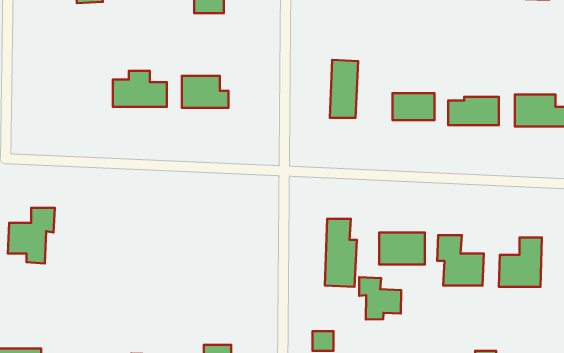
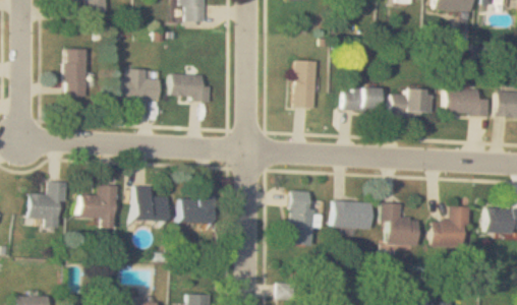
building: none -> [64,48,87,96]
building: none -> [79,184,116,228]
building: none -> [132,185,168,221]
building: none -> [180,188,214,223]
building: [359,277,401,319] -> none

